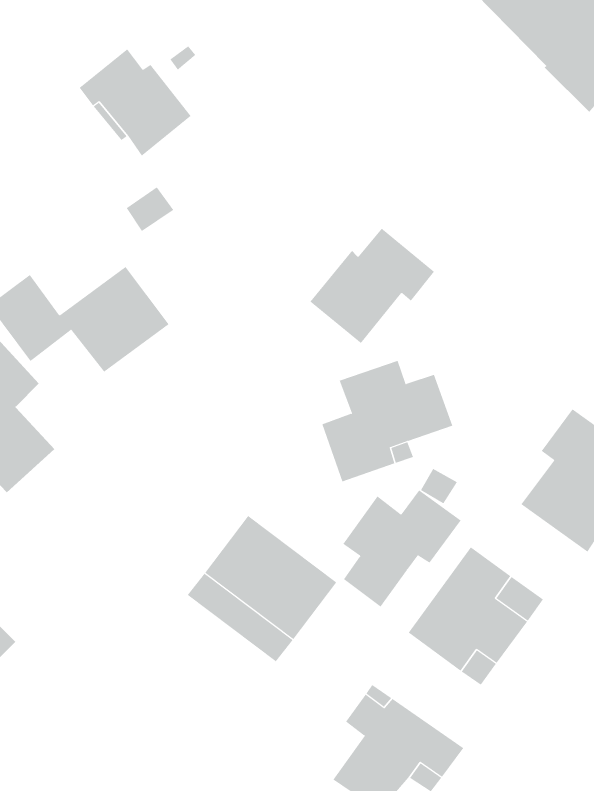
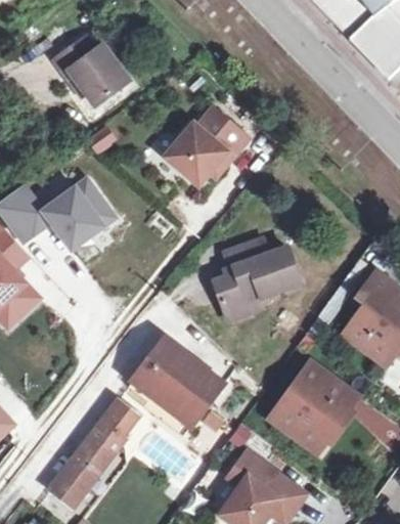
building: [309,228,435,344] -> [166,108,248,184]
building: [342,489,461,607] -> none
building: none -> [49,402,137,507]

